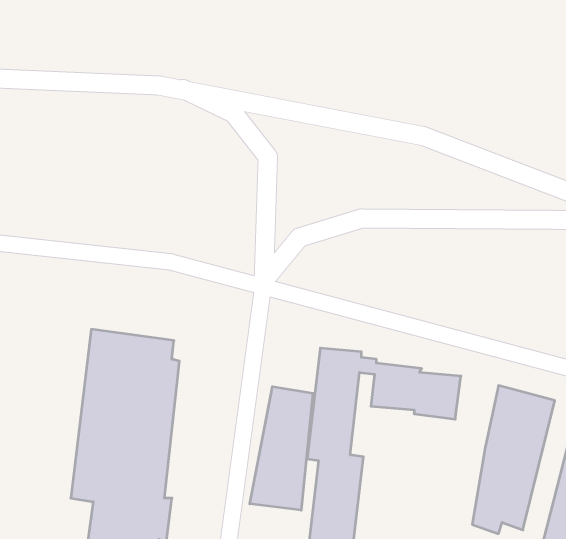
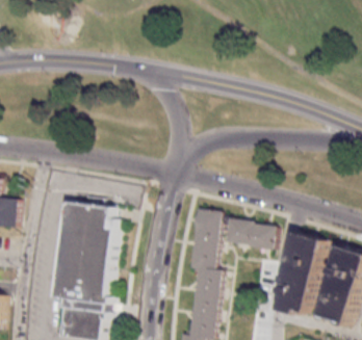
building: [250,387,313,510] -> none

